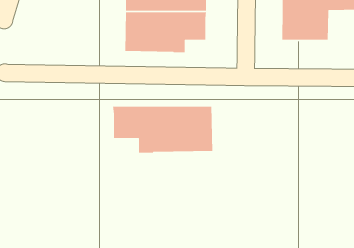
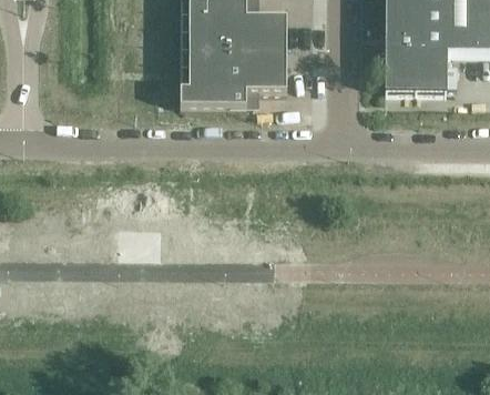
building: [112,106,213,154] -> none

